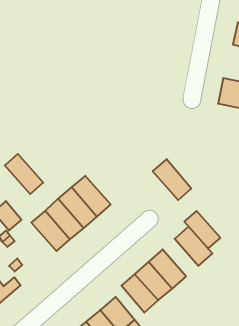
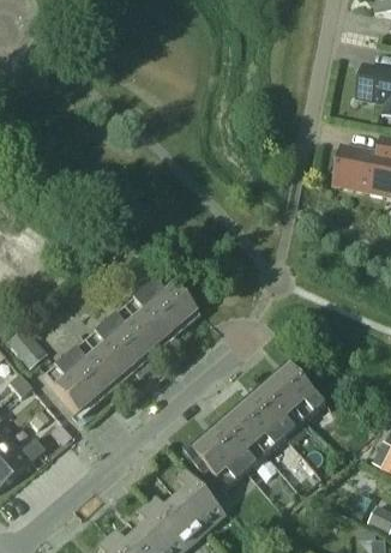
building: [5,154,43,194] -> [42,356,98,415]
building: [153,159,191,200] -> [140,270,197,330]
building: [184,211,220,249] -> [253,380,306,435]

